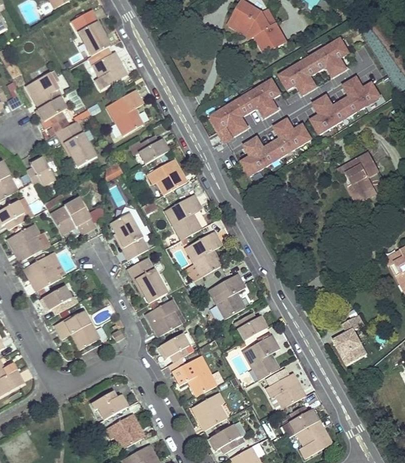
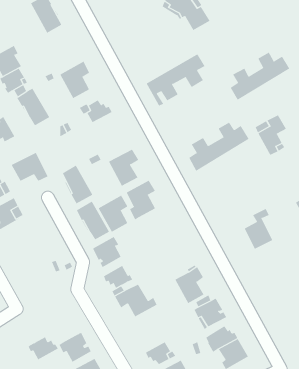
building: [278,38,350,96] -> none
building: [92,46,127,88] -> none
building: [240,121,313,180] -> [188,122,250,171]
building: [148,159,187,194] -> none
building: [209,273,245,318] -> [98,195,128,232]
building: [40,286,70,314] -> none
building: [55,308,99,349] -> none
building: [237,312,268,340] -> none
building: [335,316,370,365] -> [244,208,273,249]
building: [92,391,129,419] -> [28,337,59,360]
building: [192,391,228,429] -> none

